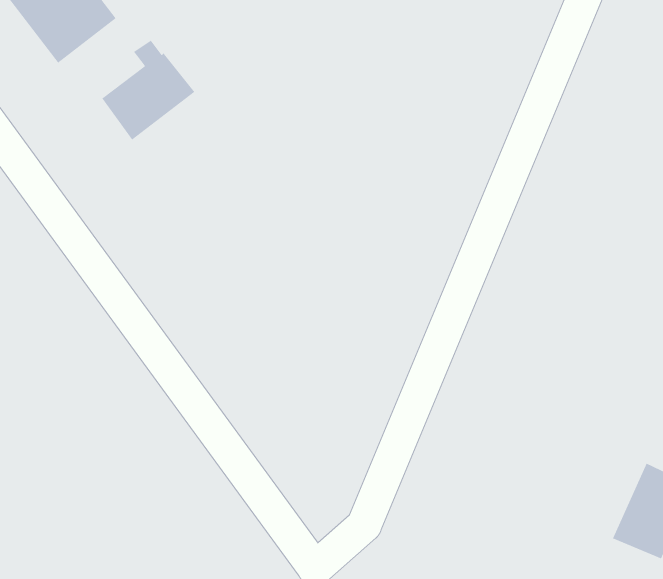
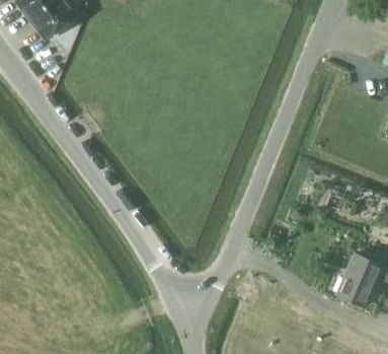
building: [101,40,195,140] -> none

